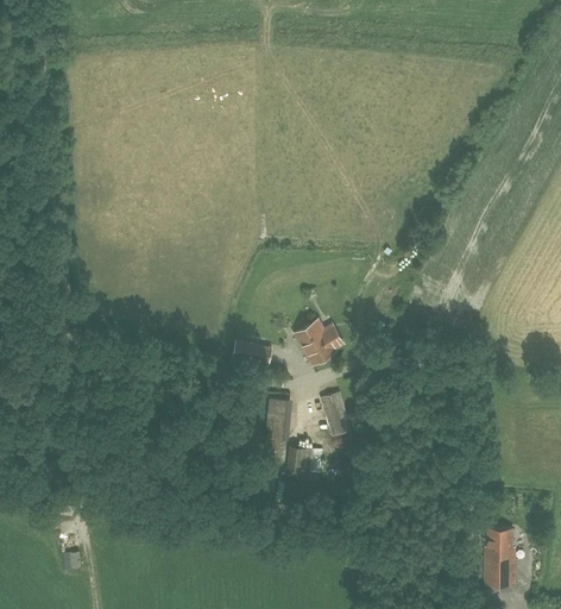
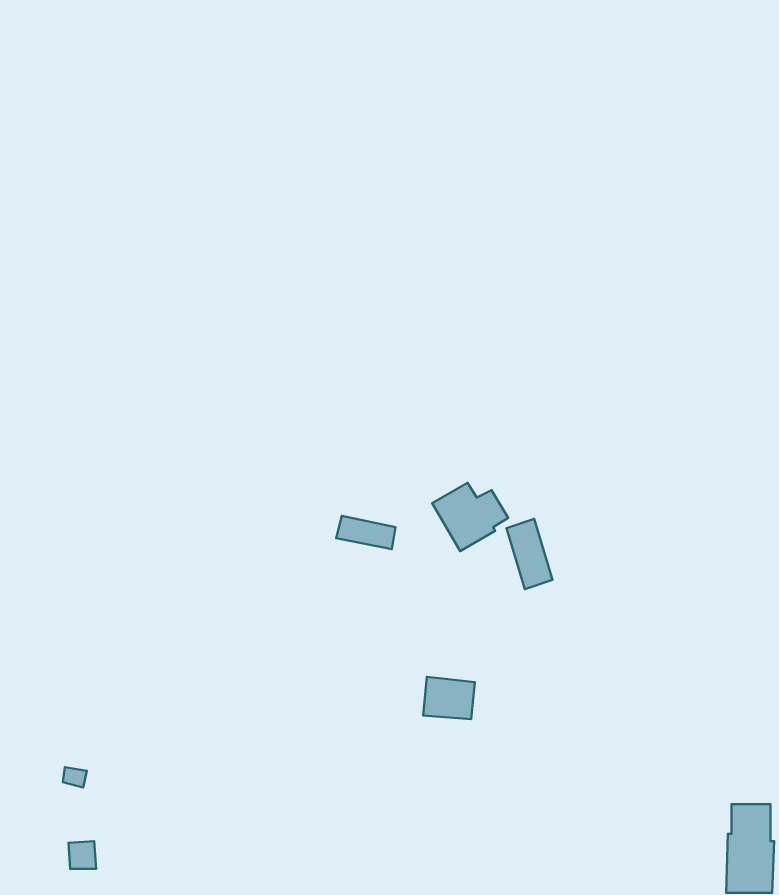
building: [321,393,351,438] -> [506,519,553,589]
building: [266,398,290,441] -> none

